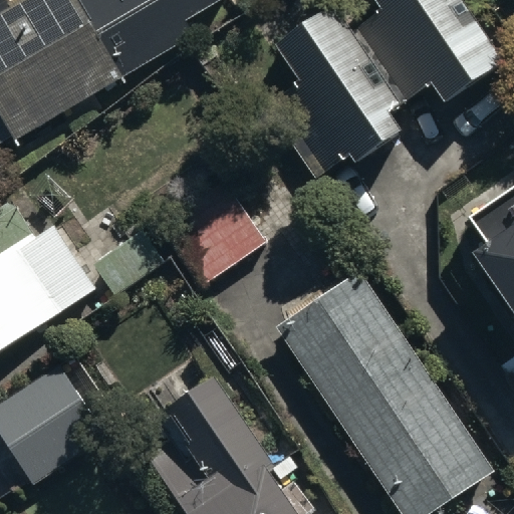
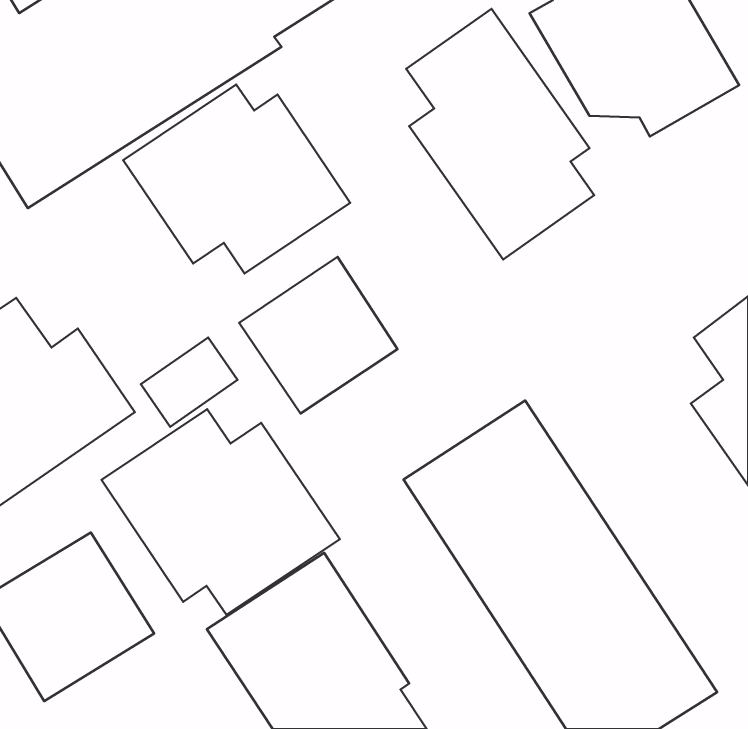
building: none -> [123,84,350,273]
building: none -> [101,409,340,615]

